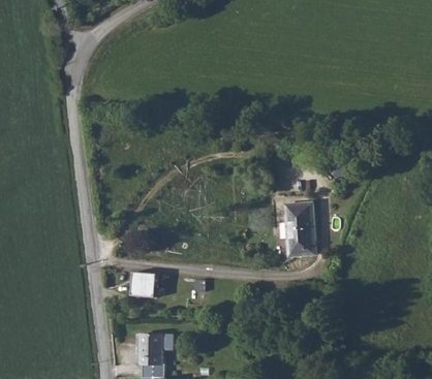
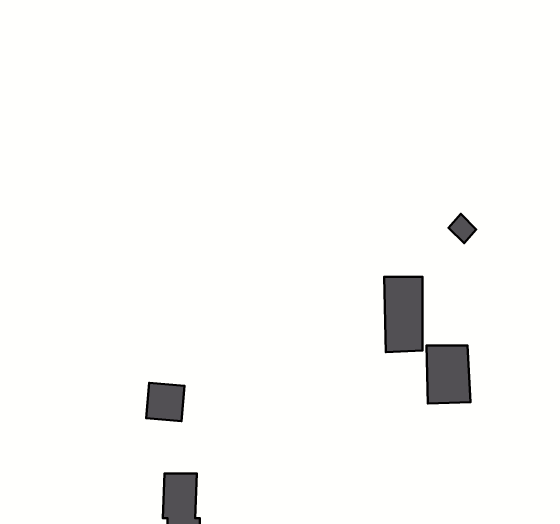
building: none -> [427,345,470,404]

